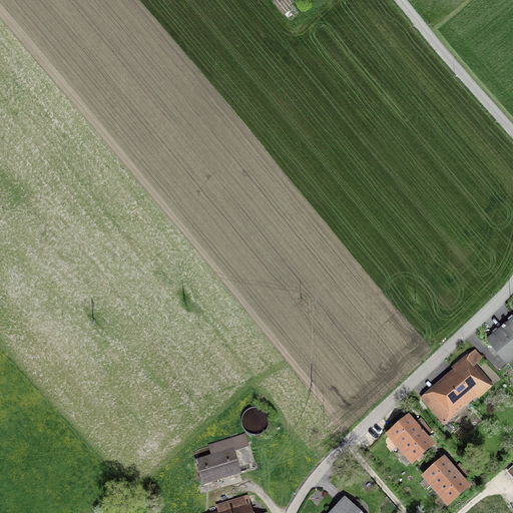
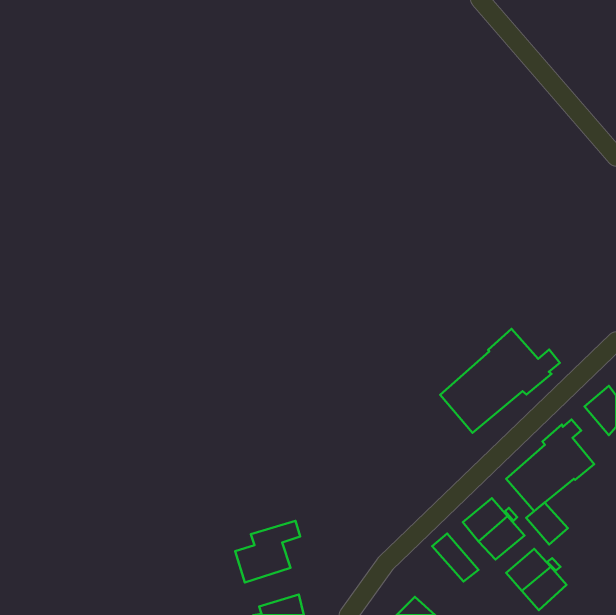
building: none -> [440,329,560,433]
building: none -> [526,503,568,544]
building: none -> [432,533,479,581]

